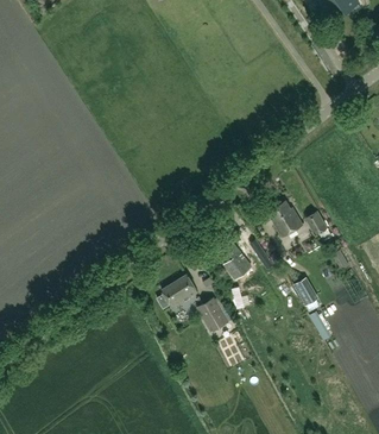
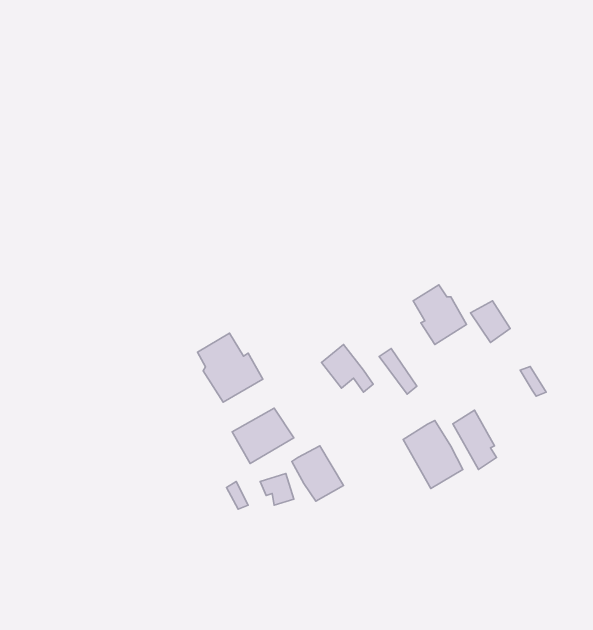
building: none -> [198,333,263,402]
building: none -> [403,420,463,488]

